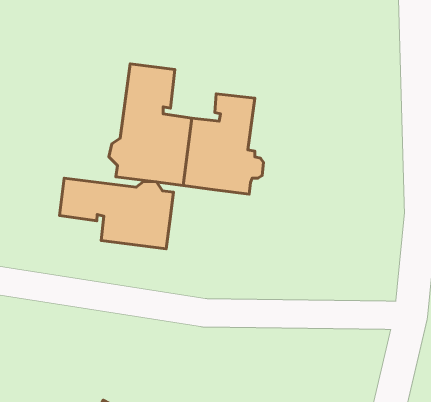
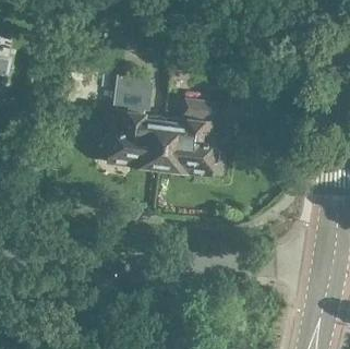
building: [60,178,174,249] -> none

